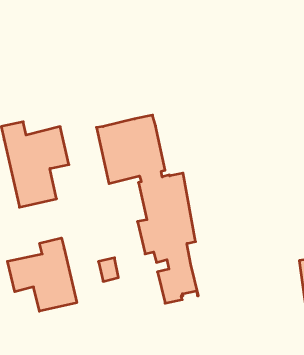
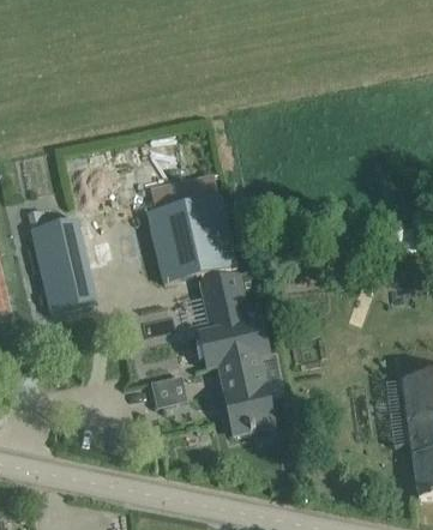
building: [7,238,77,311] -> none

